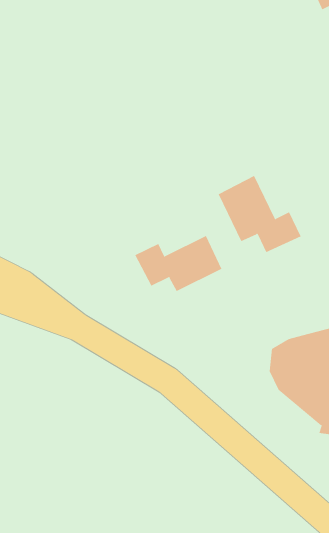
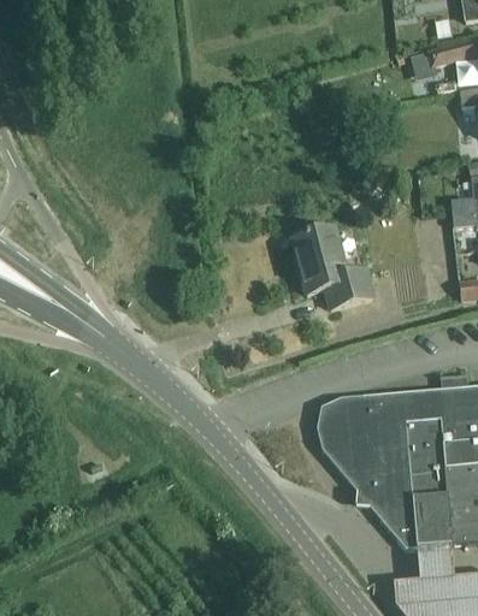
building: [135,235,222,292] -> none

